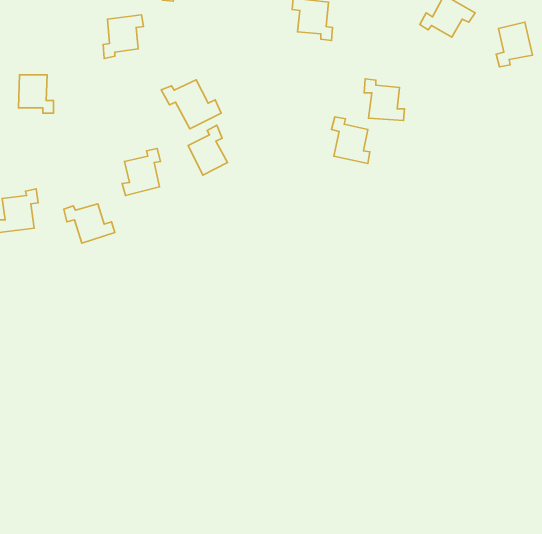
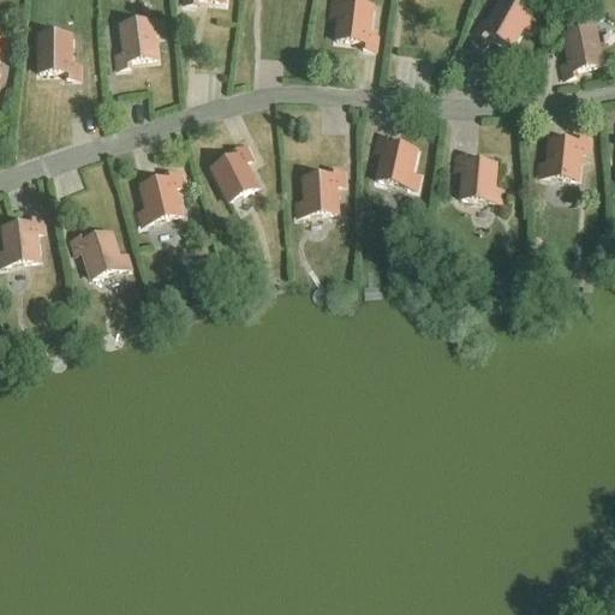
building: [18,75,54,113] -> [38,31,78,74]
building: [364,79,405,120] -> [455,151,501,198]
building: [161,80,221,129] -> none
building: none -> [538,133,590,177]
building: none -> [297,167,344,213]

